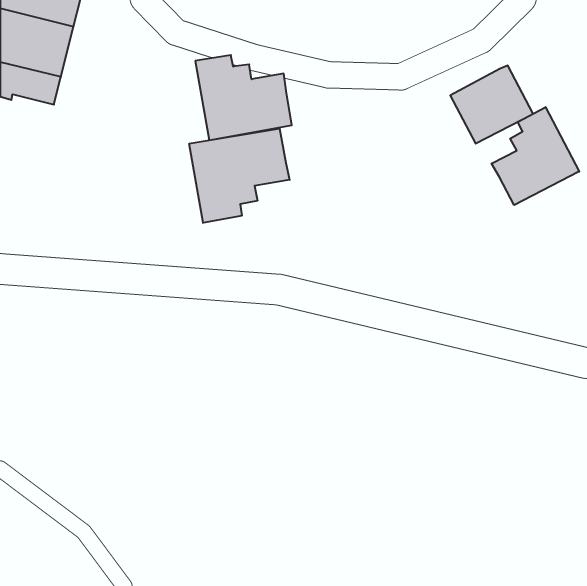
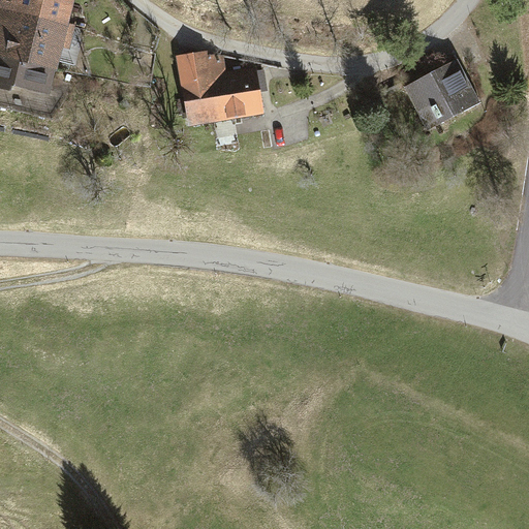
building: [492,107,579,205] -> none
building: [189,128,290,223] -> none

